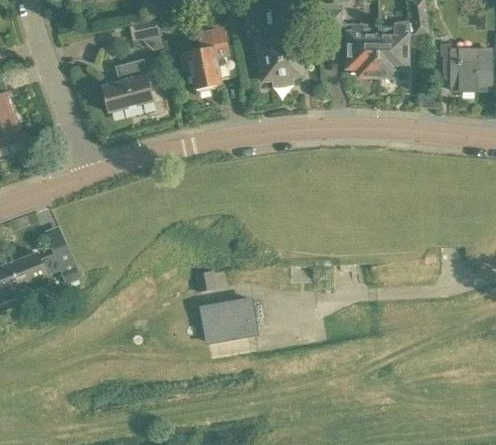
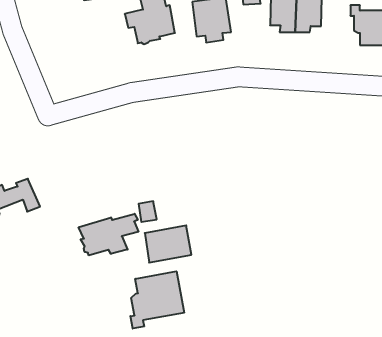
building: [100,63,153,111] -> none
building: none -> [79,214,138,255]
building: none -> [130,271,184,329]

